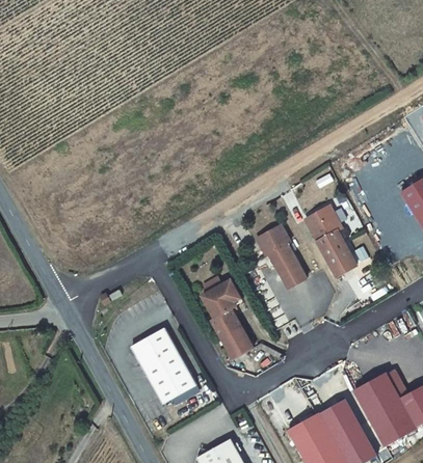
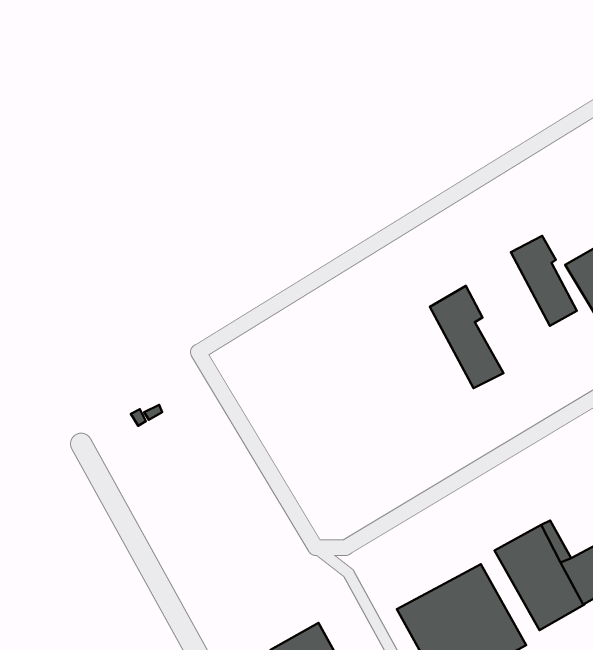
building: [261,225,307,288] -> [511,236,577,326]
building: [204,280,254,357] -> none
building: [130,328,196,404] -> none

